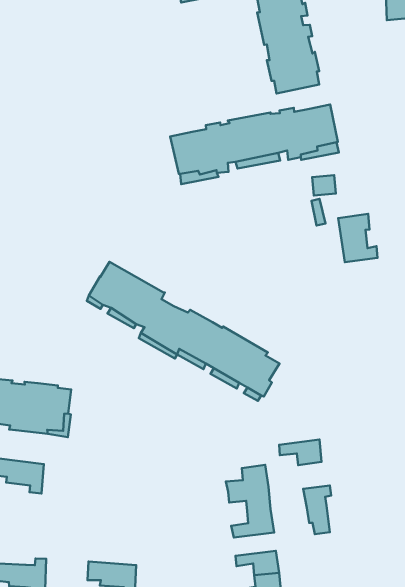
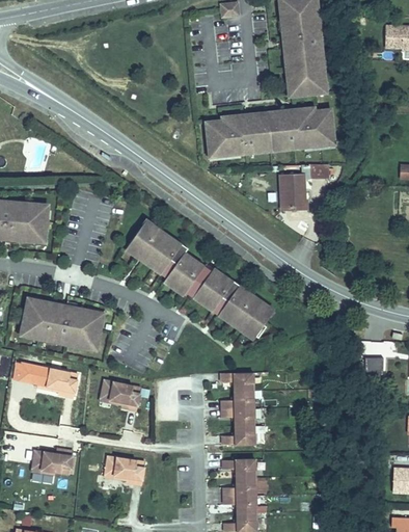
building: [338,214,377,262] -> [278,176,306,212]
building: [279,440,321,465] -> [221,372,253,391]
building: none -> [106,381,146,411]
building: [303,486,331,534] -> none

